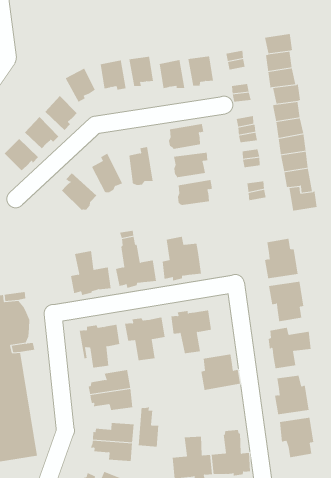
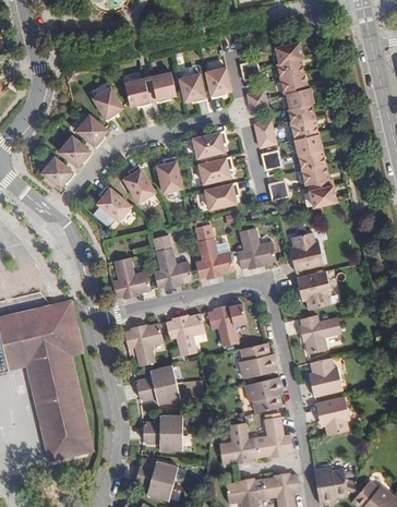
building: none -> [237,227,276,269]
building: none -> [244,376,281,412]
building: [138,407,159,447] -> none

